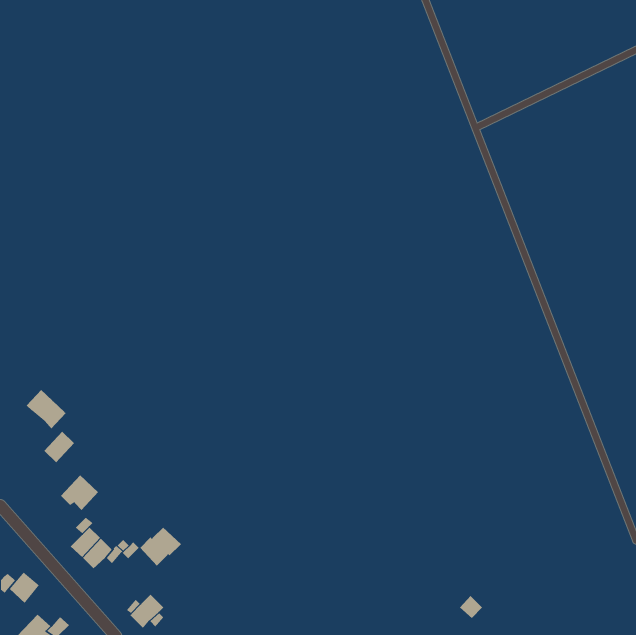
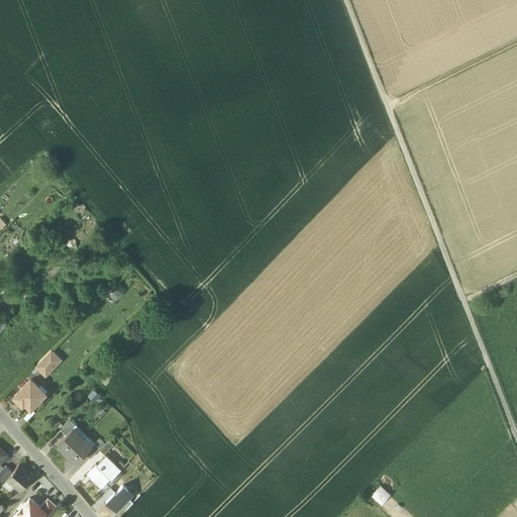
building: [26,389,67,430] -> none
building: [60,475,99,511] -> [14,380,45,409]
building: [139,527,182,567] -> [87,455,121,488]

